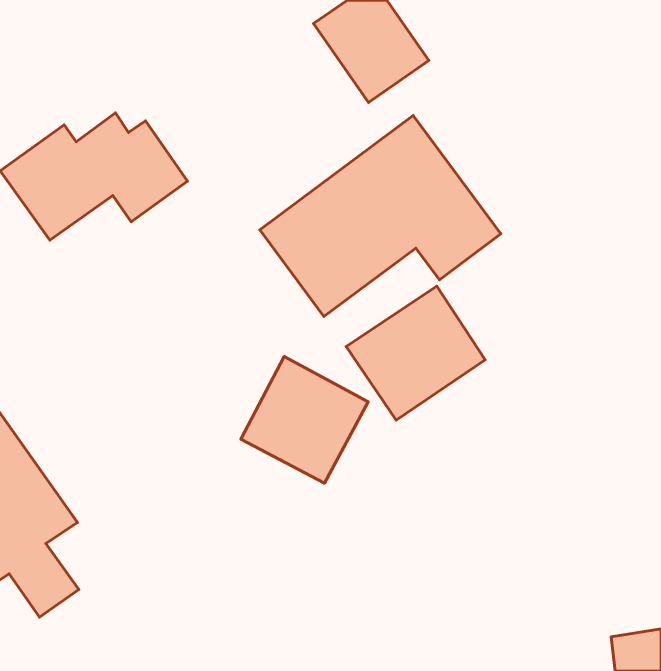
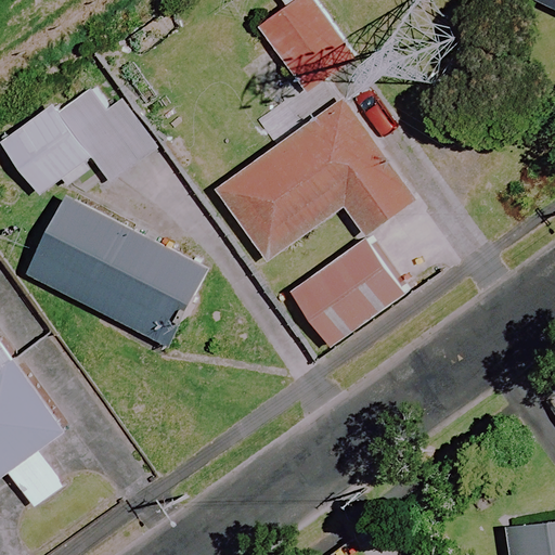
building: none -> [24,195,207,346]
building: [241,357,368,483] -> none

